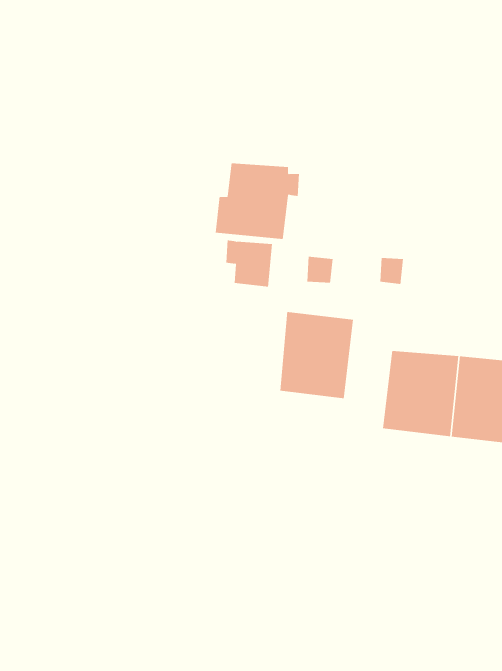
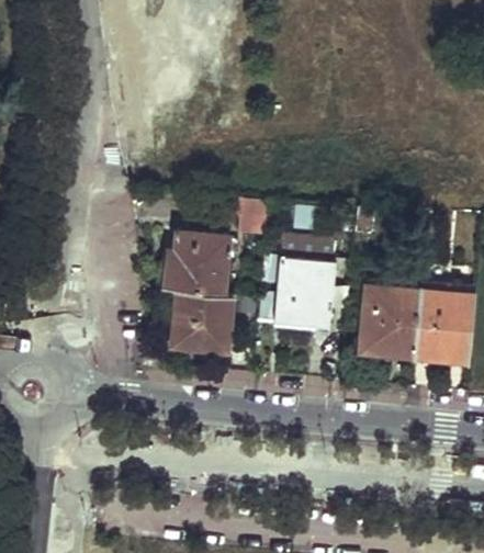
building: [215,163,300,240] -> [164,230,233,293]
building: none -> [172,300,227,350]

